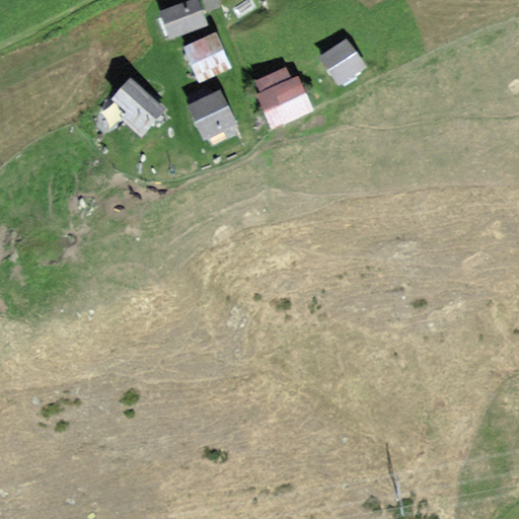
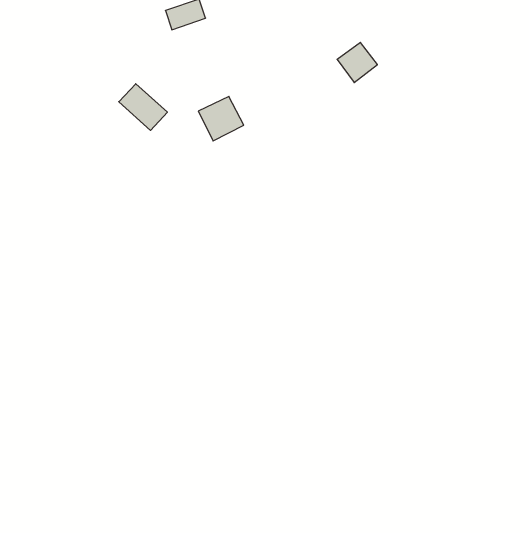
building: [182,32,223,73] -> none
building: [261,77,307,118] -> none

